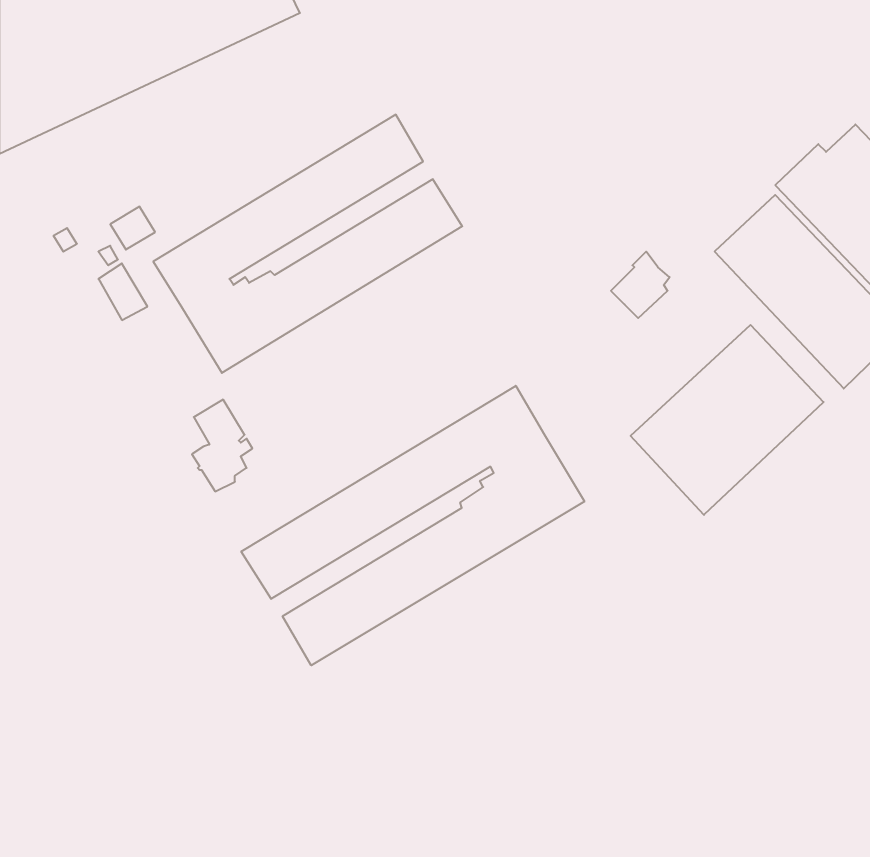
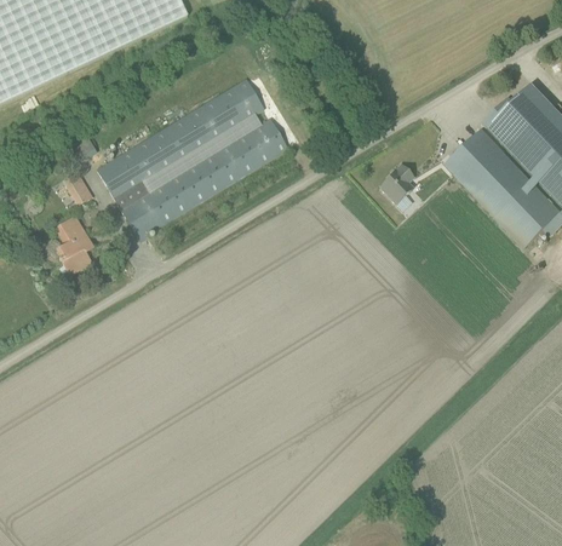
building: [631,325,824,515] -> none
building: [241,386,584,665] -> none
building: [192,400,252,491] -> [55,215,92,272]

